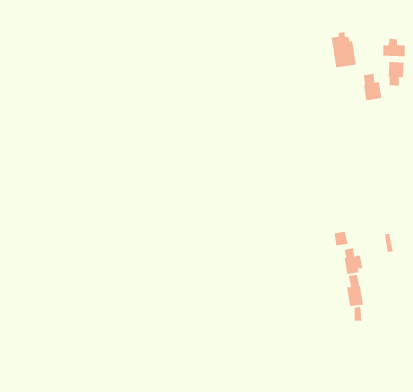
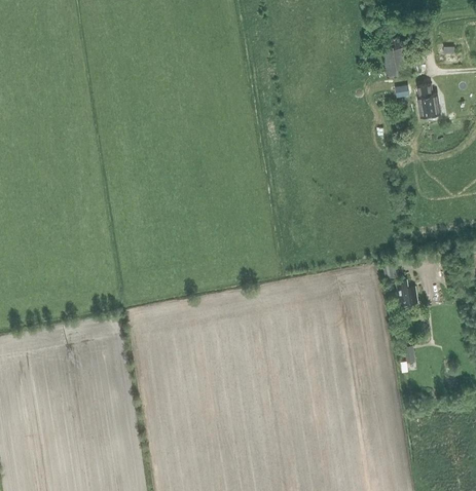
building: [388,59,404,86] -> none
building: [347,274,364,309] -> none

